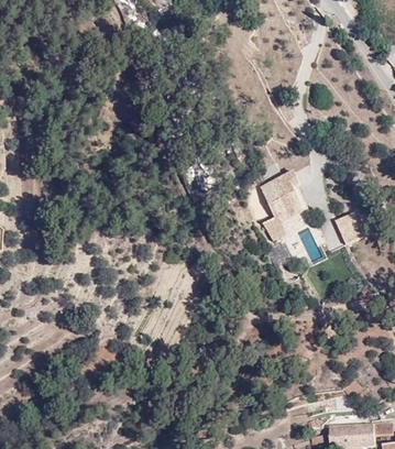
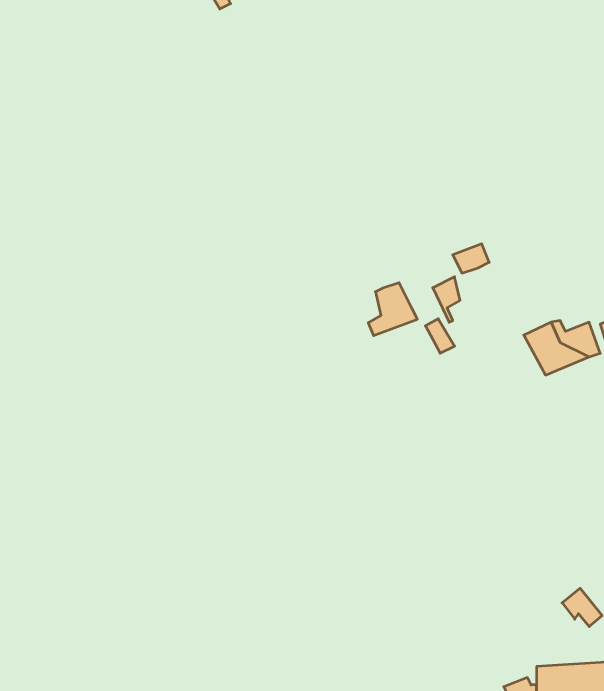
building: [276,185,306,217] -> [368,283,417,336]

